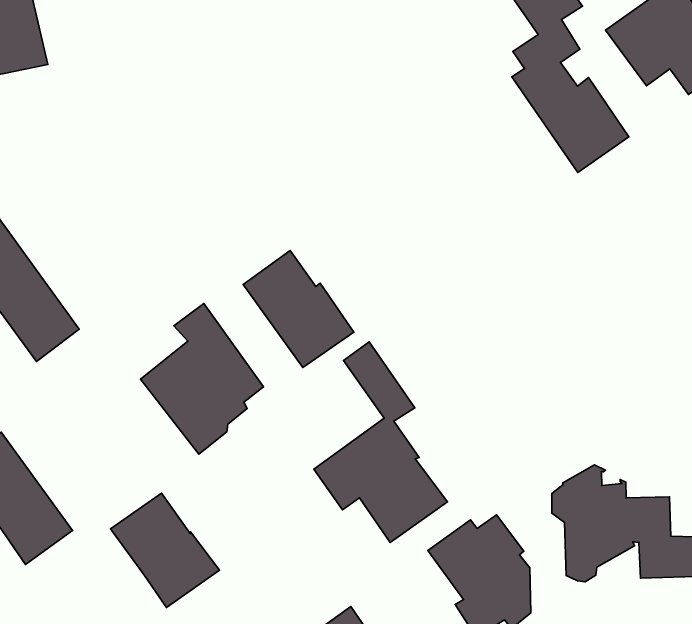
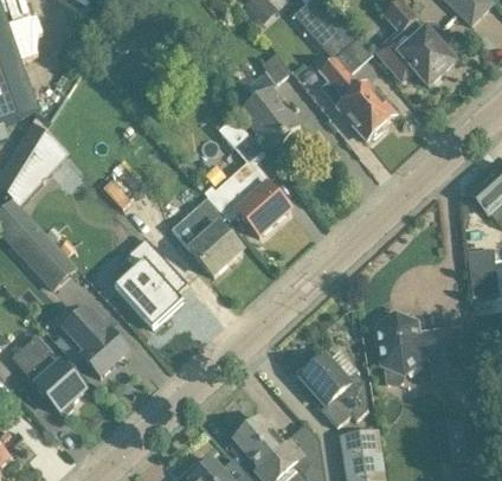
building: none -> [239,70,298,148]
building: [314,342,448,543] -> [206,116,289,236]
building: [110,493,220,608] -> [59,307,128,376]

